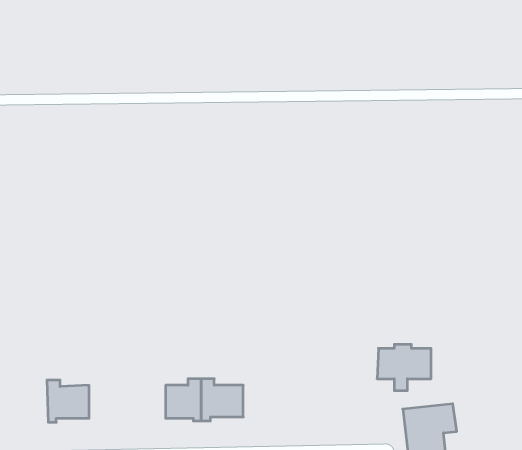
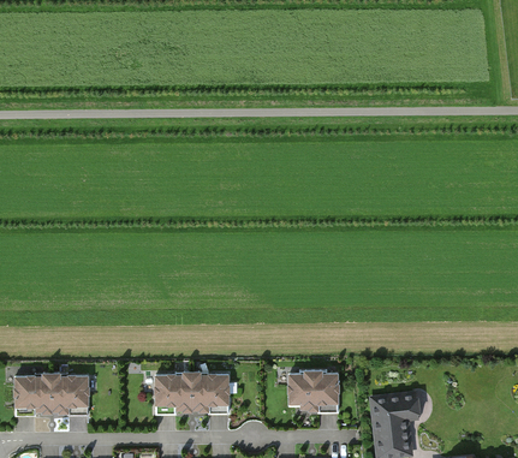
building: [377,344,431,391] -> [287,370,337,412]
building: none -> [16,371,49,410]

